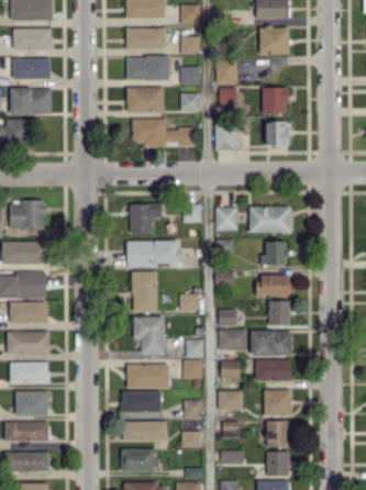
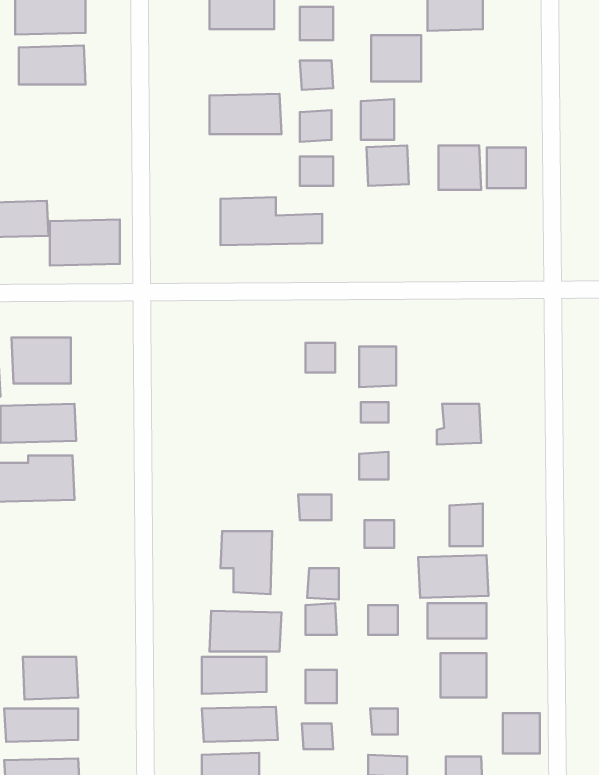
building: [259,26,289,54] -> [371,35,421,81]
building: [126,27,165,48] -> none
building: [13,58,51,79] -> none
building: [126,87,164,113] -> none
building: [10,88,52,115] -> [50,219,120,266]
building: [266,122,289,146] -> [487,148,526,188]
building: [215,124,236,149] -> none
building: [130,203,162,234] -> none
building: [249,205,291,232] -> none
building: [126,240,178,267] -> none
building: [132,271,157,312] -> none
building: [257,274,289,296] -> none
building: [10,301,47,323] -> none
building: [219,328,246,349] -> none
building: [7,331,49,355] -> none
building: [10,361,48,383] -> none
building: [219,390,242,410] -> none
building: [266,421,288,445] -> [503,713,540,754]

